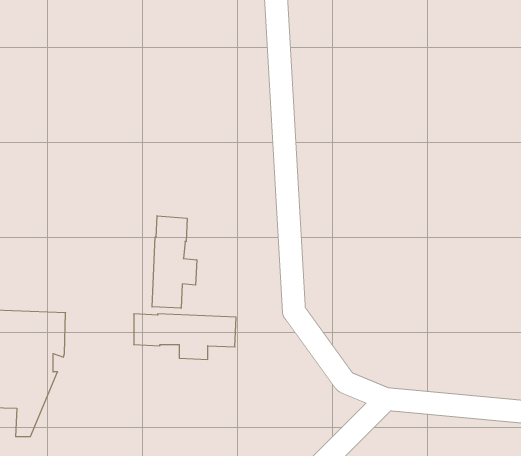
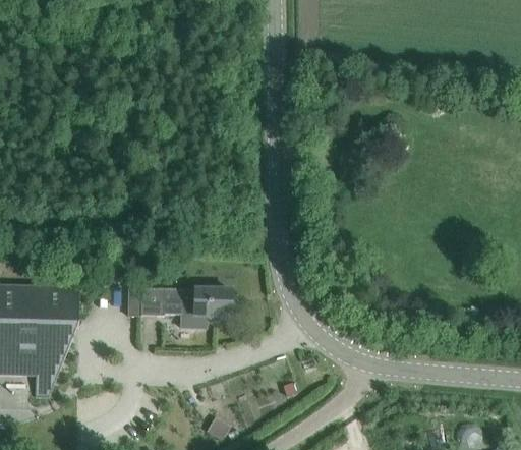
building: [152,216,197,308] -> none

